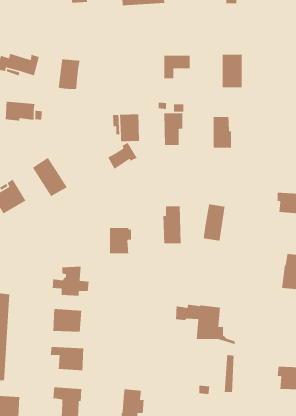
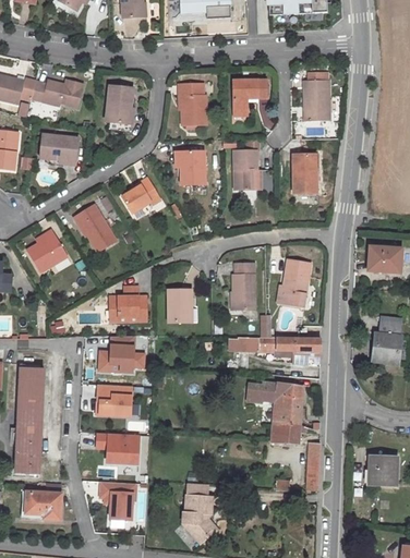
building: none -> [180,82,206,125]
building: [107,142,138,170] -> [122,178,159,211]
building: none -> [109,284,146,320]
building: none -> [238,337,321,365]
building: none -> [272,424,306,445]

